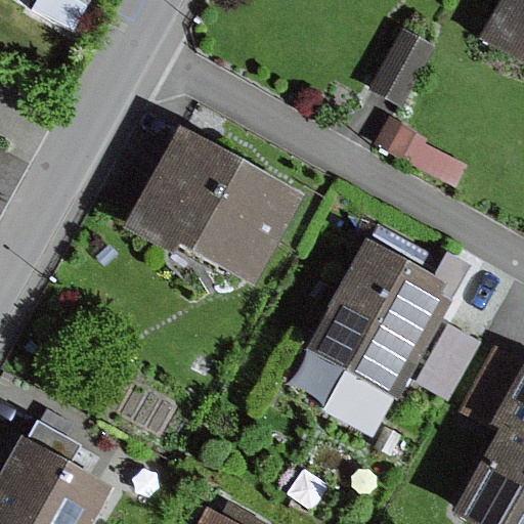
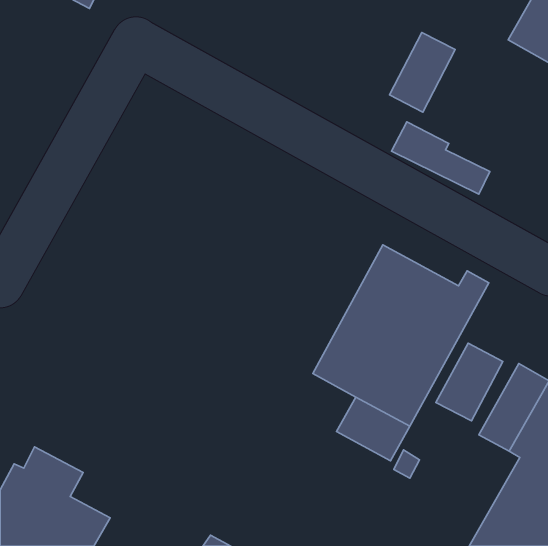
building: [118,129,305,294] -> none

